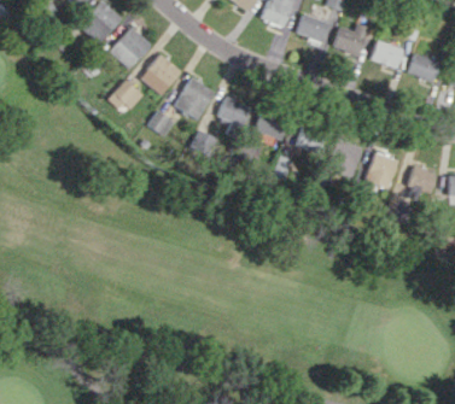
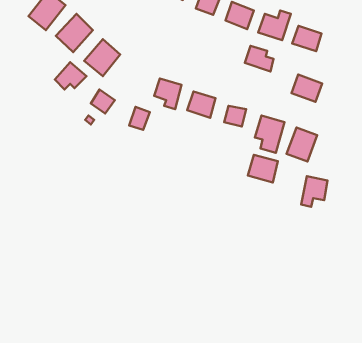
building: [407,53,441,83] -> [292,75,322,102]
building: none -> [245,46,273,72]
building: [175,77,215,119] -> none
building: [407,166,436,200] -> [301,176,327,207]
building: none -> [248,155,278,183]

